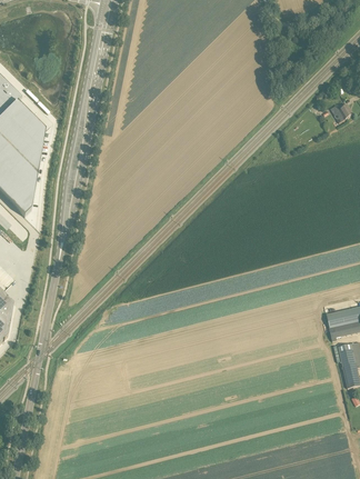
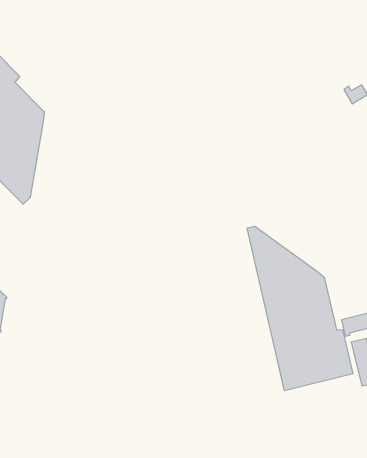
building: none -> [247,226,353,391]

